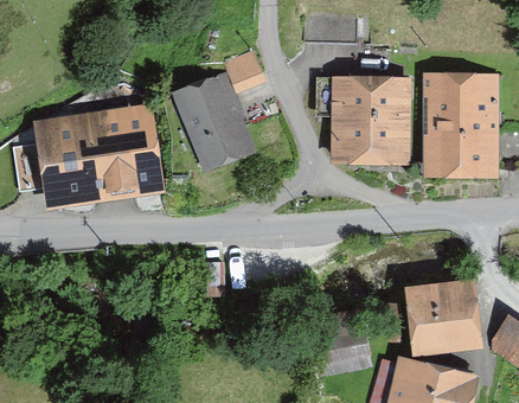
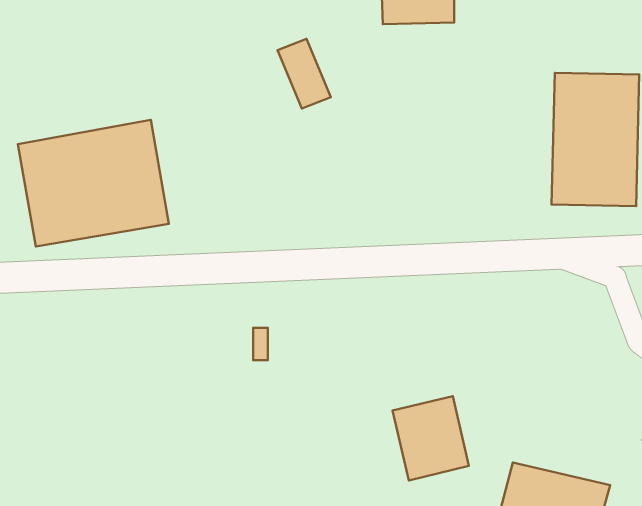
building: [332,78,406,164] -> none
building: [181,82,251,162] -> none
building: [409,282,476,352] -> none

